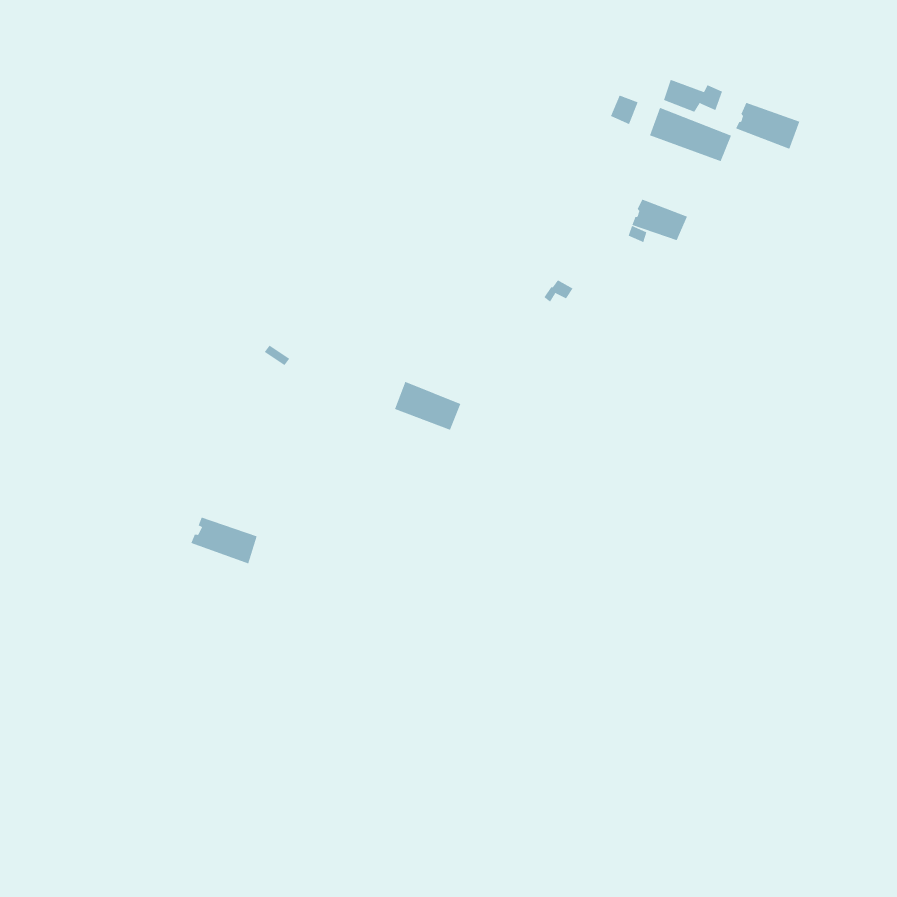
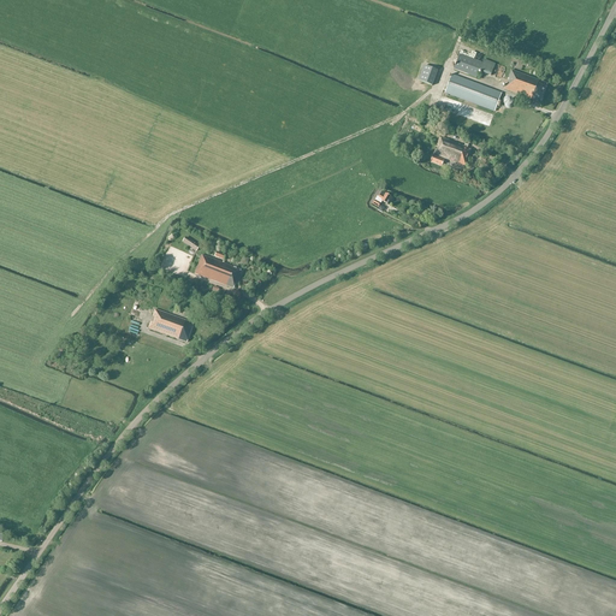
building: [394,381,461,430] -> [194,254,239,288]
building: [191,517,257,564] -> [147,309,192,342]

